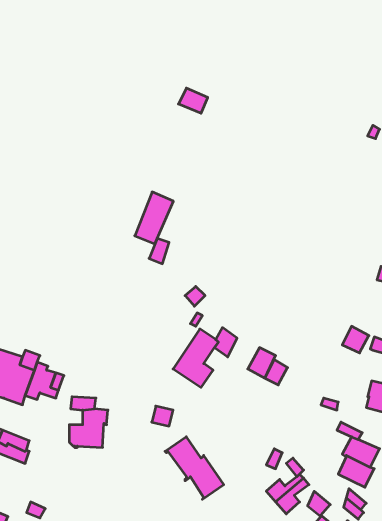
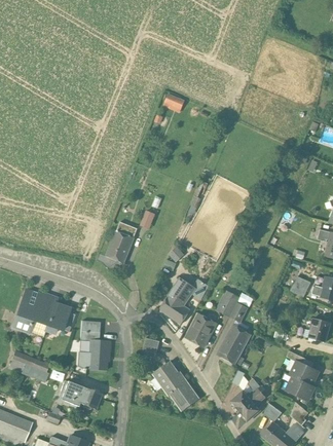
building: [135,192,173,244] -> [108,222,138,262]
building: none -> [187,313,217,346]
building: none -> [218,325,250,363]
building: none -> [61,380,101,408]

